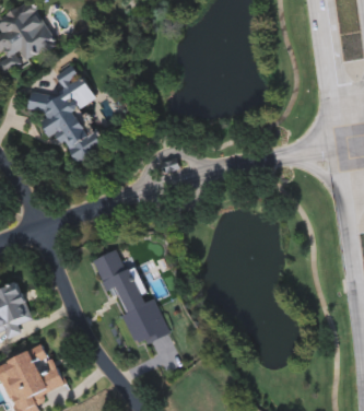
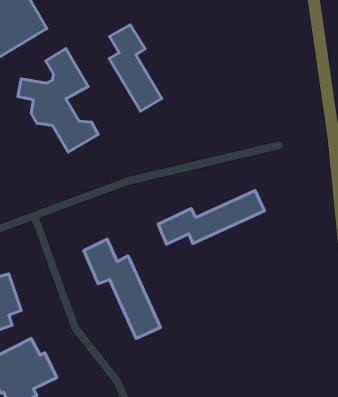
building: none -> [109,25,162,111]
building: none -> [158,190,264,244]

